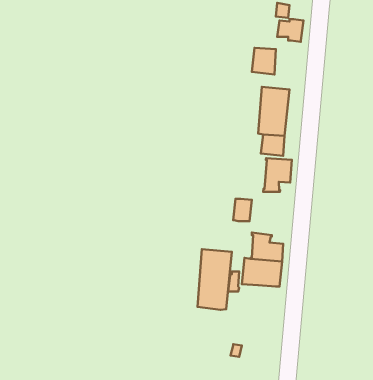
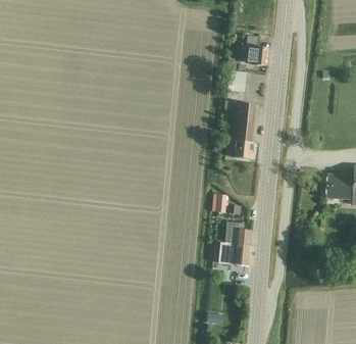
building: [263,158,292,192] -> none
building: [197,249,232,310] -> none

